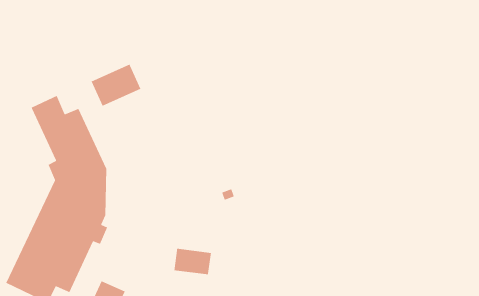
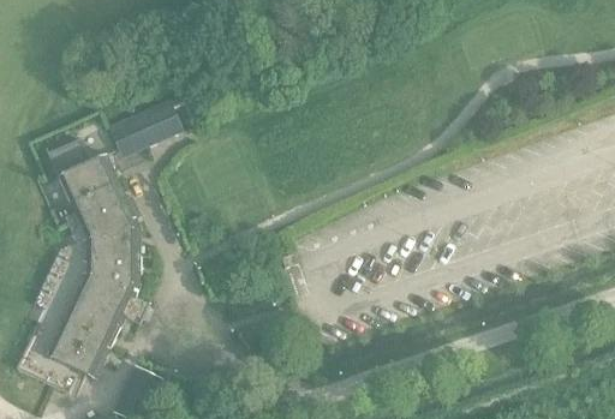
building: [173,248,212,275] -> none

